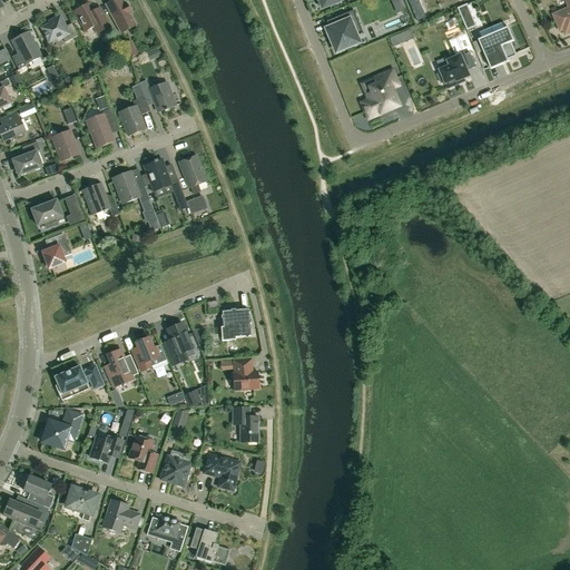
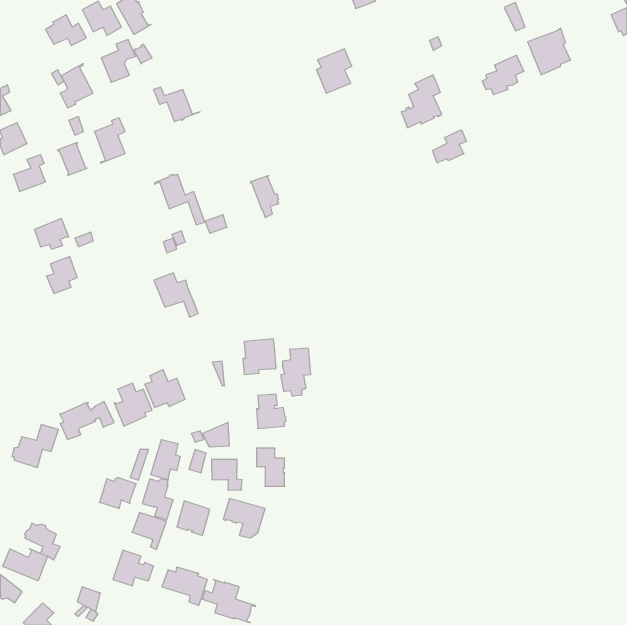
building: [328,9,361,49] -> [316,49,352,93]
building: [11,28,41,68] -> [60,64,93,108]
building: [119,95,150,134] -> [101,39,136,82]
building: none -> [432,130,466,163]
building: [179,155,205,193] -> [250,176,279,217]
building: [112,170,153,210] -> [154,273,198,317]
building: [79,181,119,215] -> none
building: none -> [281,348,310,396]
building: [164,322,193,364] -> none
building: none -> [151,439,180,480]
building: [40,409,82,448] -> [12,424,58,467]
building: none -> [212,459,242,490]
building: [66,487,97,520] -> [132,513,166,549]

